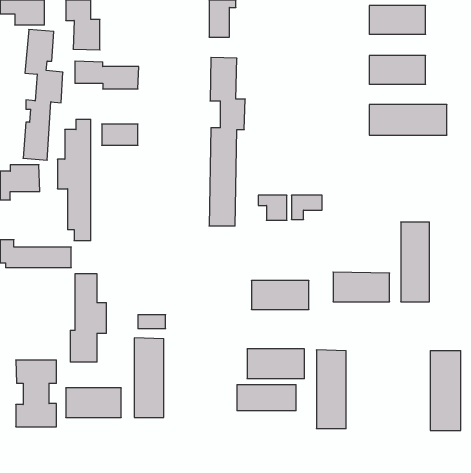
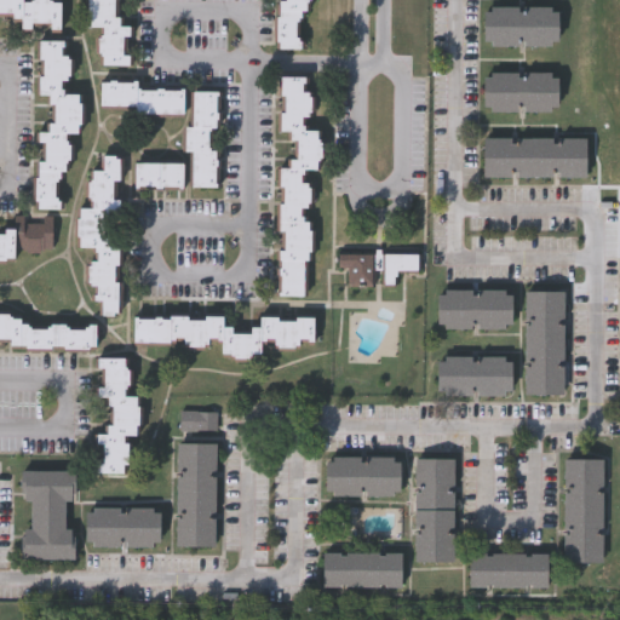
building: none -> [186,90,220,186]
building: none -> [134,315,314,360]
building: [251,281,309,309] -> [438,291,513,328]
building: [237,385,296,411] -> [325,552,402,586]
building: none -> [471,552,549,587]

